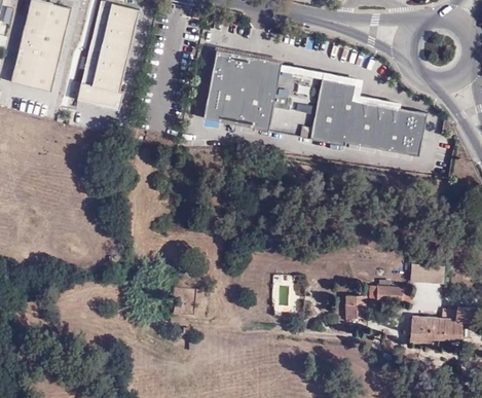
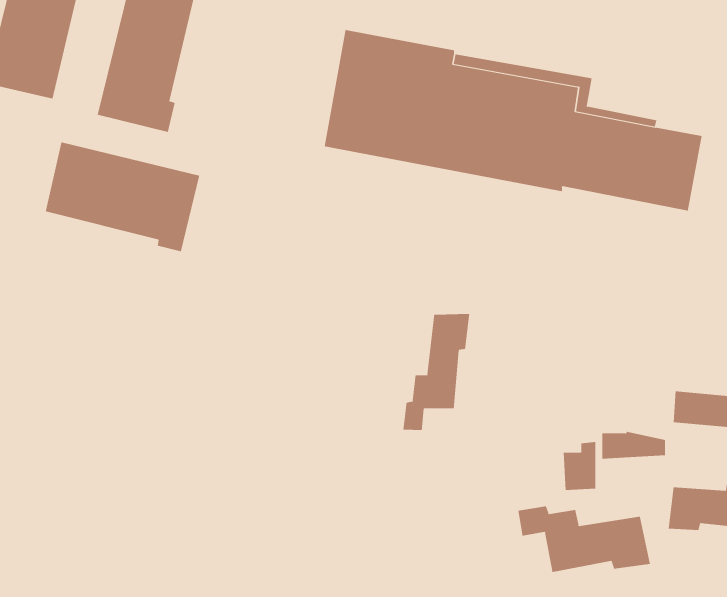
building: none -> [45,142,200,252]
building: none -> [403,313,470,431]
building: none -> [518,506,651,573]

